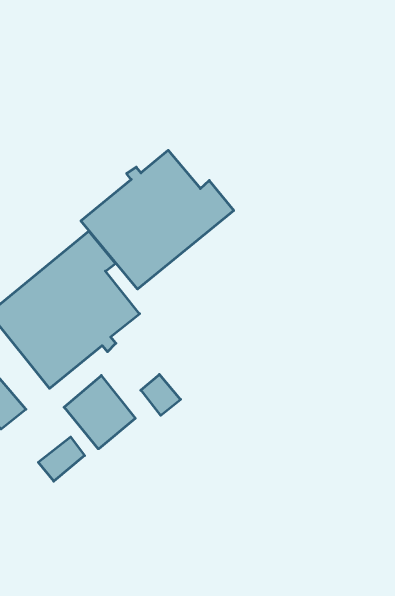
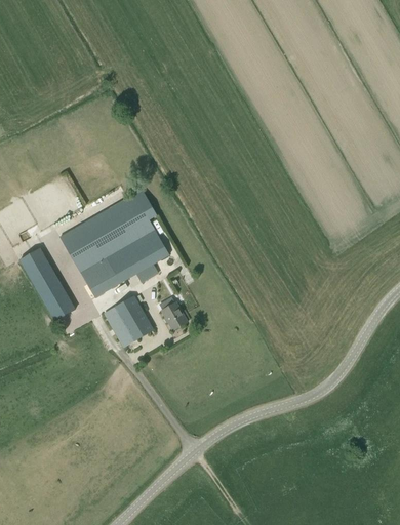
building: [81,150,234,289] -> none
building: [38,437,85,481] -> none

